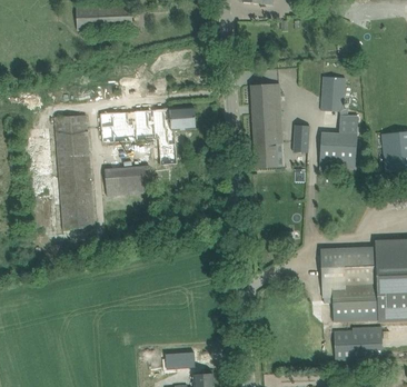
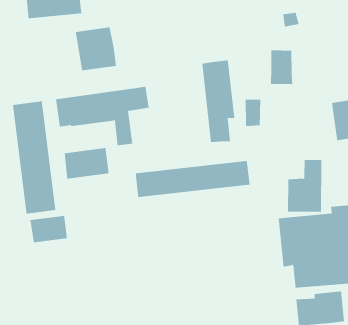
building: none -> [75,27,116,71]
building: [318,115,357,169] -> [287,160,322,212]
building: none -> [135,160,250,198]
building: none -> [30,215,67,243]

